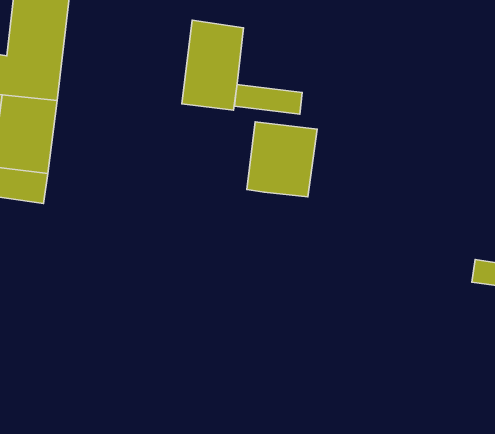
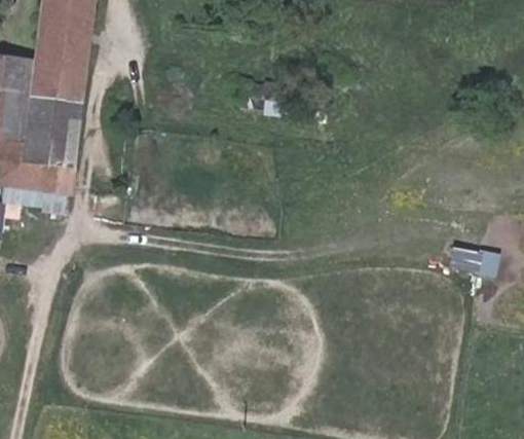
building: [182,20,244,110] -> none
building: [247,122,317,197] -> none

